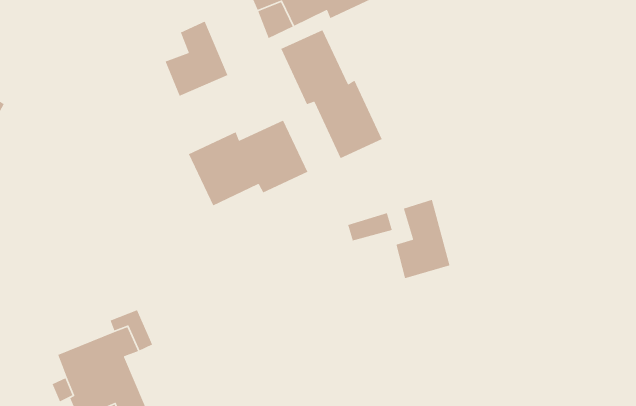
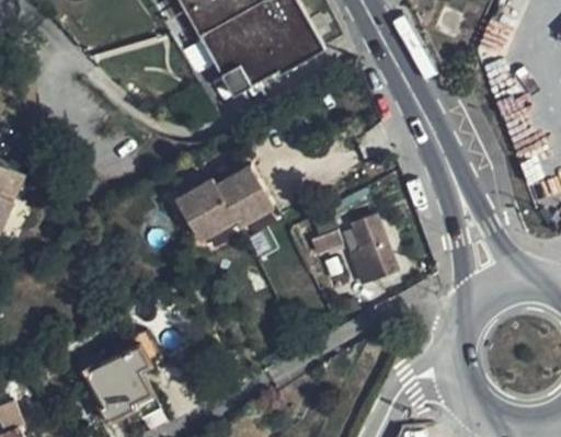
building: [165,20,228,97] -> none
building: [280,29,383,159] -> none

